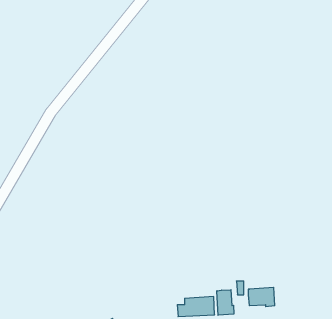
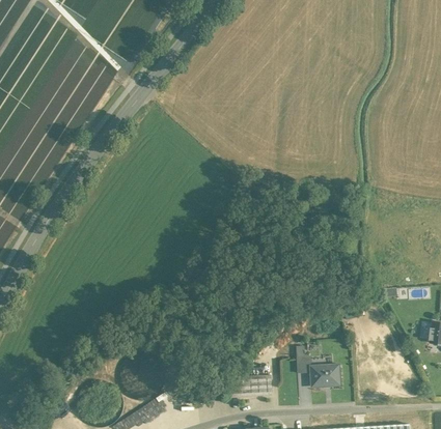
building: [217,290,234,315] -> none

